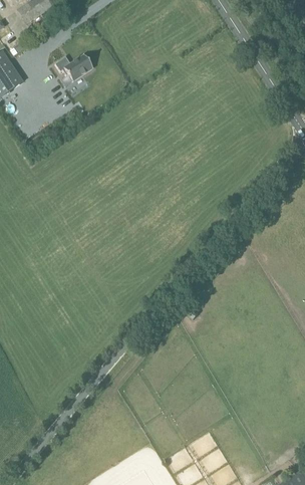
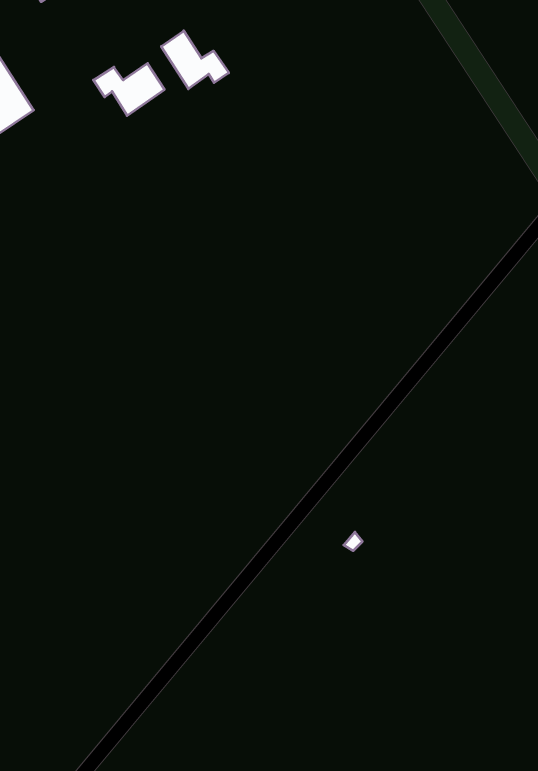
building: none -> [161,31,229,89]

